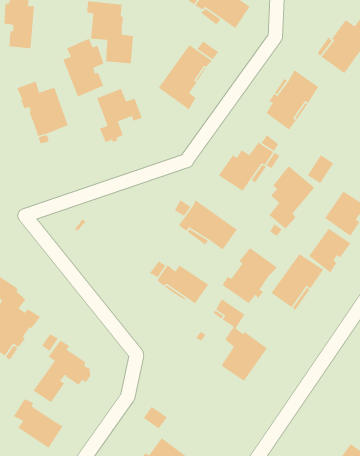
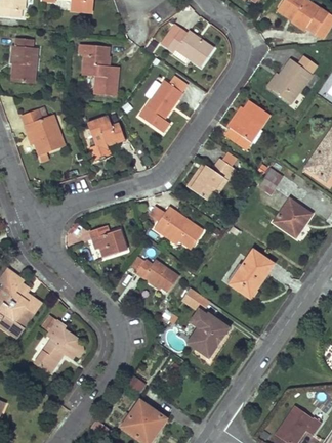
building: [62,38,105,97] -> none
building: [268,165,315,229] -> none
building: none -> [89,224,126,257]
building: [308,228,351,273] -> none
building: [221,247,278,304] -> none
building: [13,398,64,449] -> none

